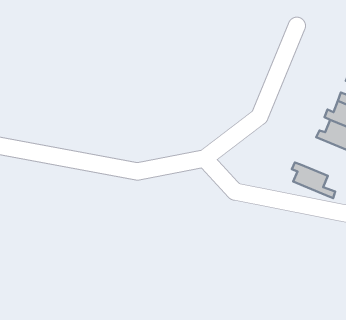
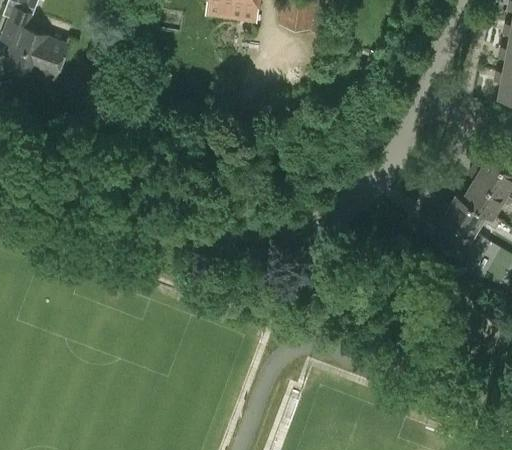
building: [292,162,335,198] -> none

